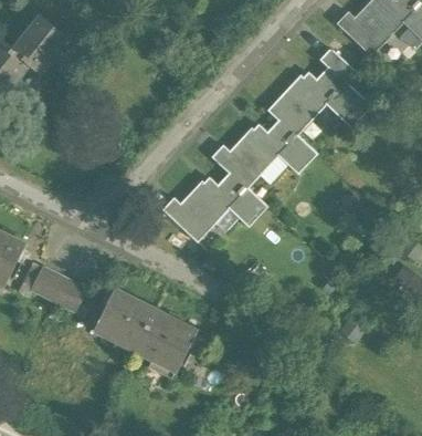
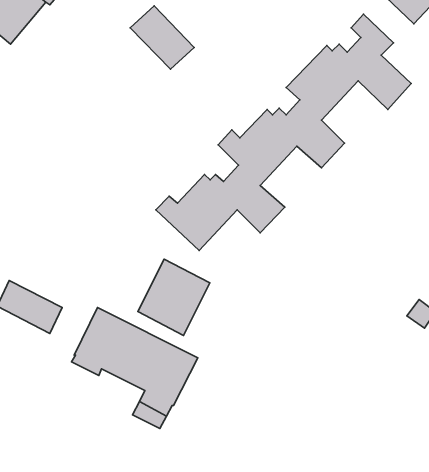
building: none -> [130,6,194,69]
building: none -> [138,259,210,336]

